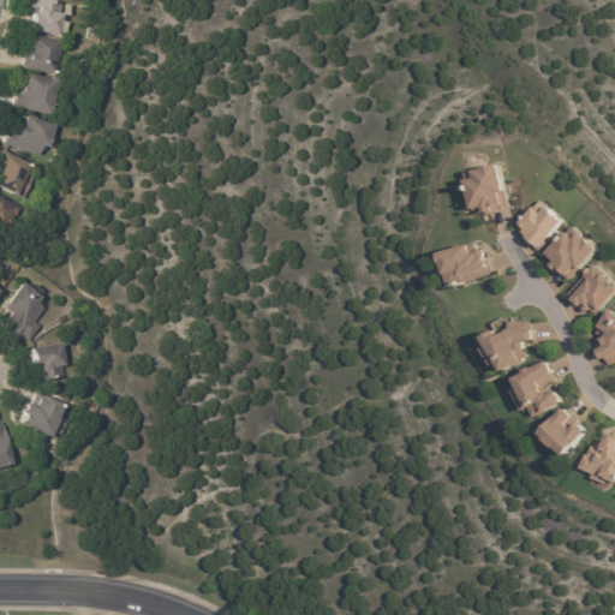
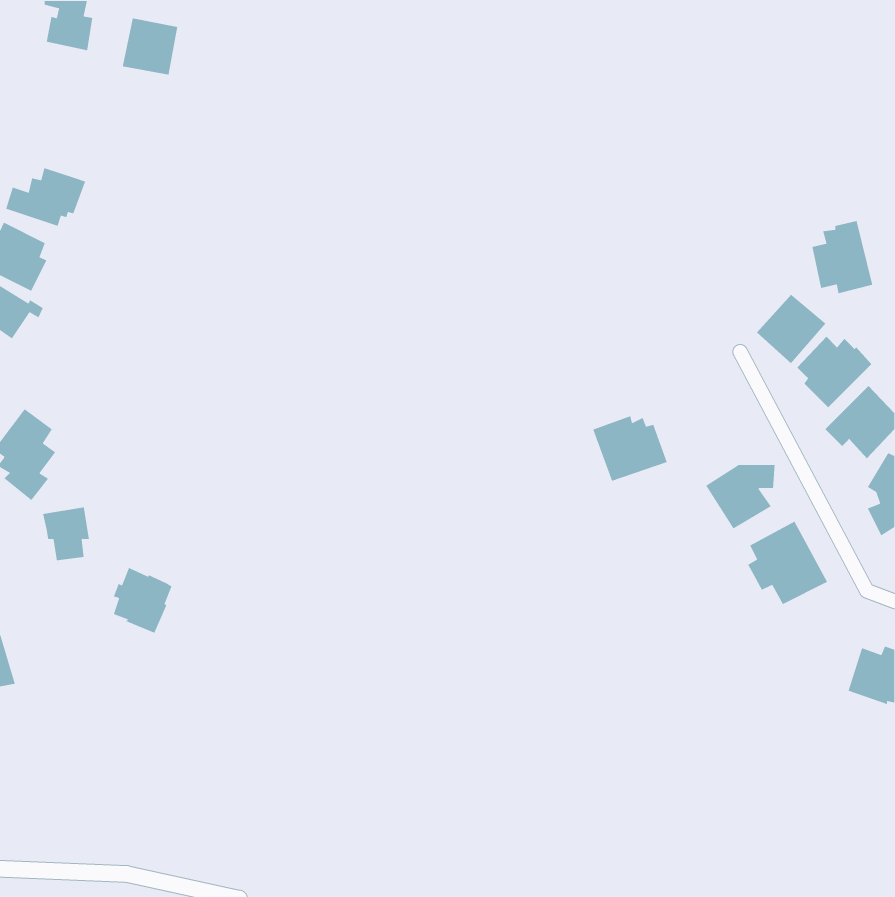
building: [25,36,64,76] -> [122,18,178,76]
building: [12,76,61,117] -> none
building: [465,162,507,213] -> [812,220,873,294]
building: [438,238,490,283] -> [592,415,668,482]
building: [19,393,60,438] -> [113,567,173,634]
building: [539,404,585,449] -> none

